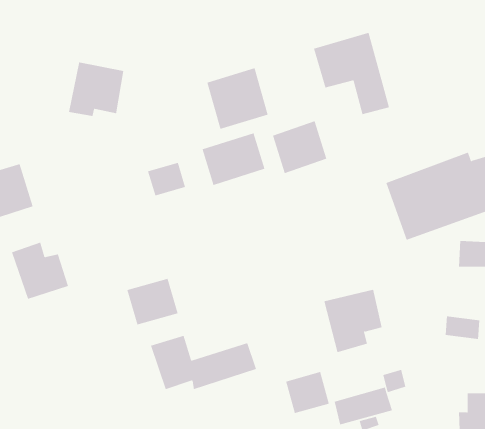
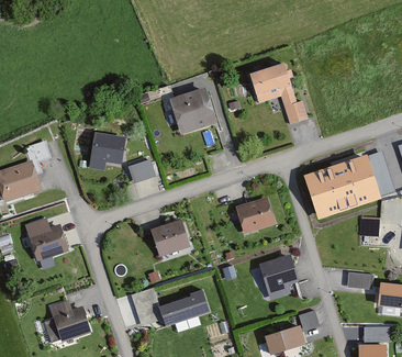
building: [68,62,124,117] -> [85,131,126,171]
building: [272,121,327,174] -> [236,193,277,233]
building: [202,132,265,186] -> none
building: [127,278,178,325] -> [153,219,191,254]
building: none -> [49,301,90,341]
building: [286,371,329,414] -> none

